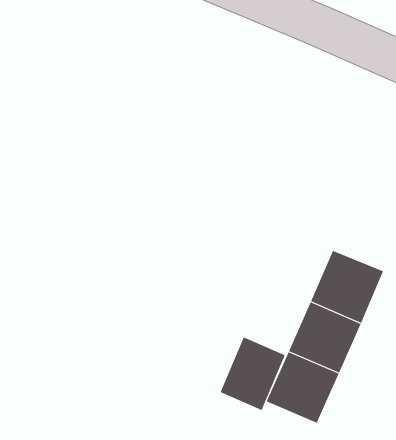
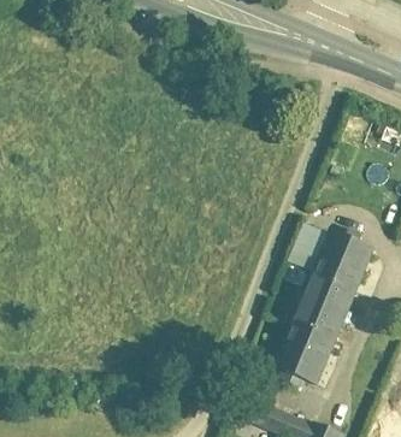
building: [220,337,286,411] -> none

